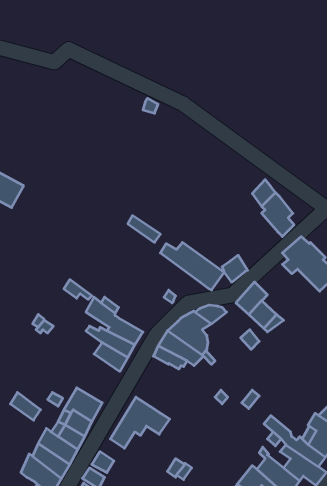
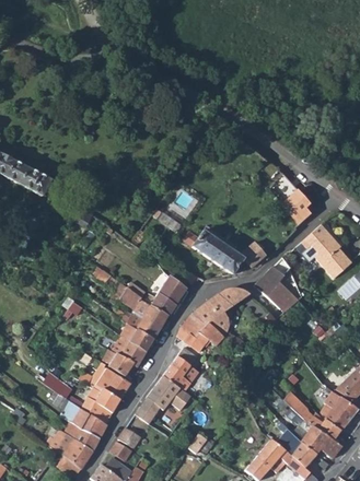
building: none -> [144,277,184,315]
building: none -> [104,335,146,375]
building: none -> [161,347,198,390]

